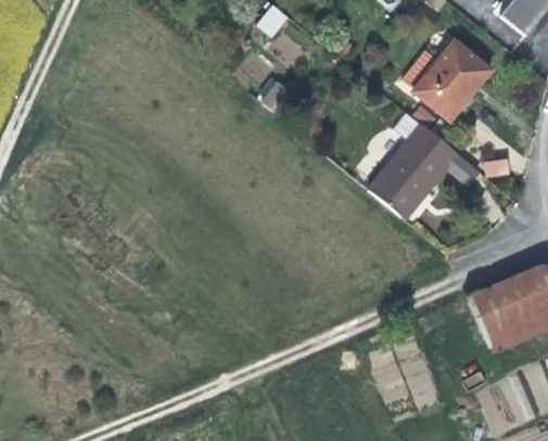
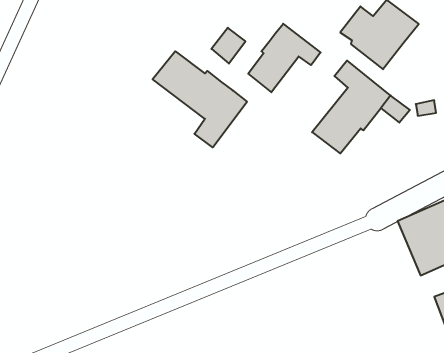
building: none -> [248,24,321,92]
building: none -> [153,51,247,147]

